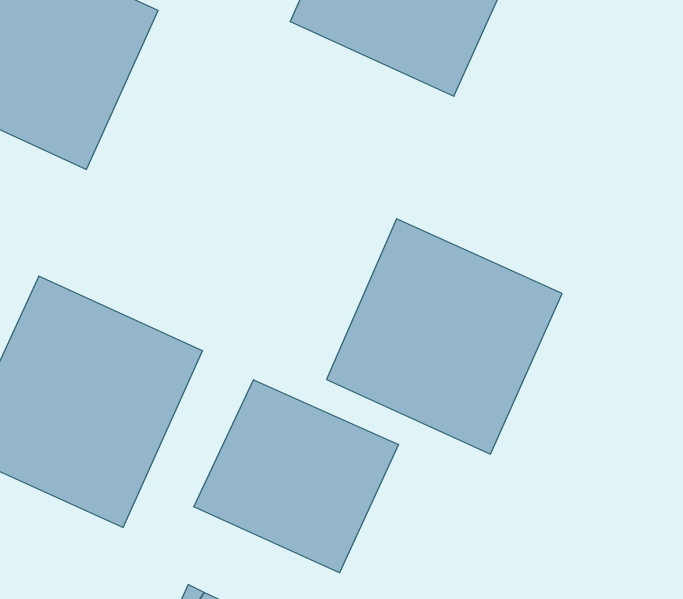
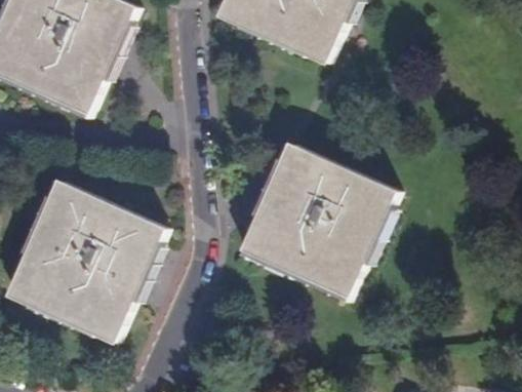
building: [194,380,398,573] -> none

